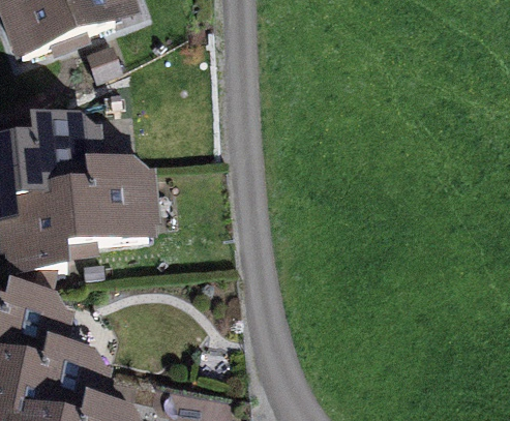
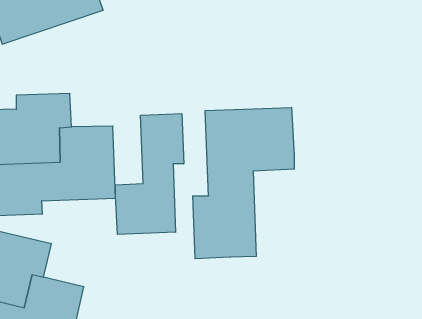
building: none -> [193,107,294,259]
building: none -> [115,114,184,234]

